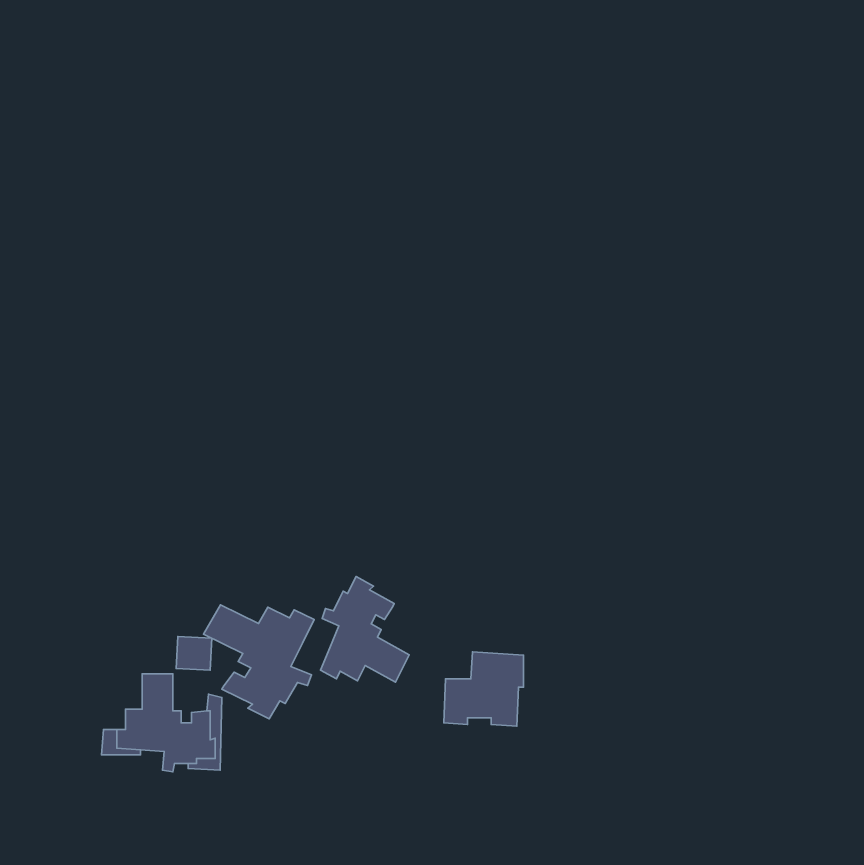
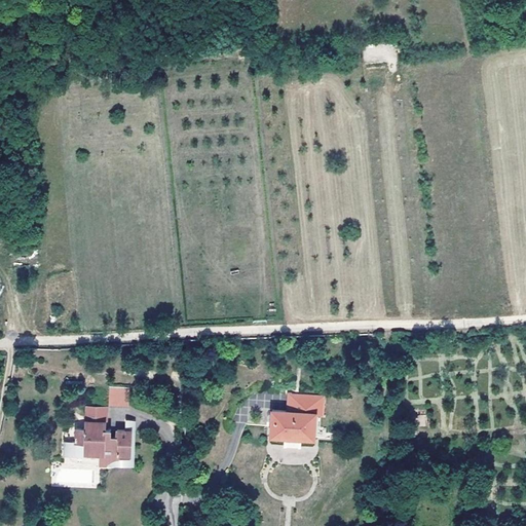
building: [321,577,409,682] -> none
building: [203,605,314,719] -> none

